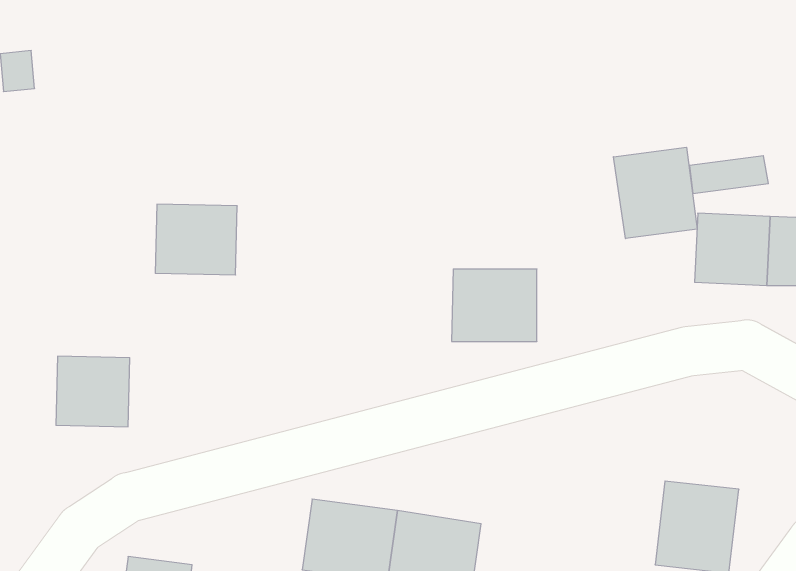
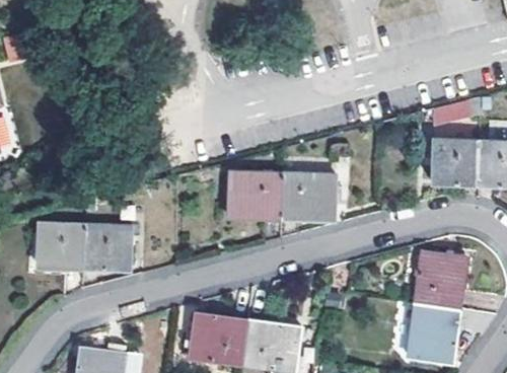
building: [613,147,697,239] -> none
building: [155,204,237,275] -> [82,227,133,271]
building: none -> [227,171,283,217]
building: none -> [414,250,465,308]

